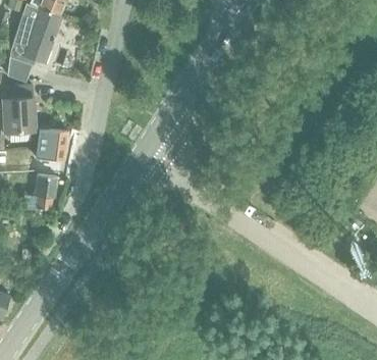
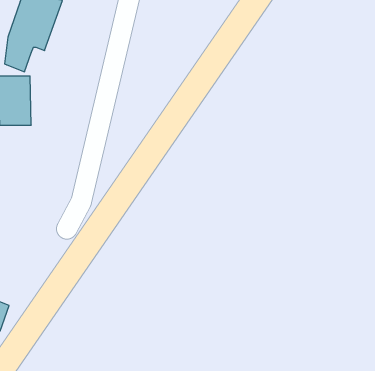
building: [36,131,68,161] -> none
building: [25,176,57,210] -> none

